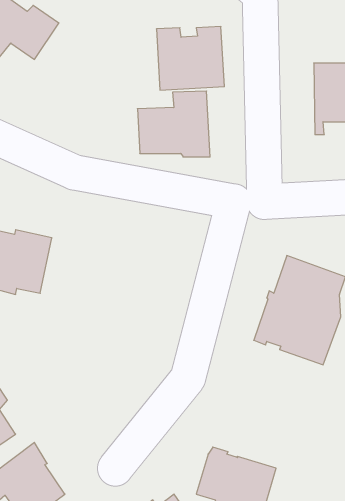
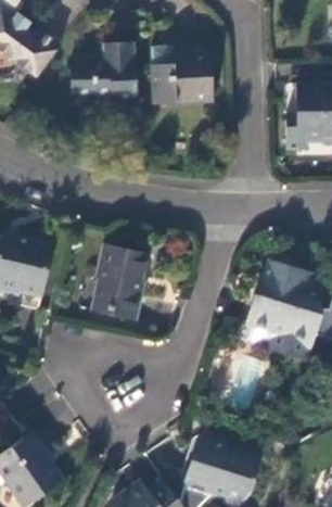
building: [137,91,210,157] -> [69,46,137,106]
building: none -> [92,244,149,321]

